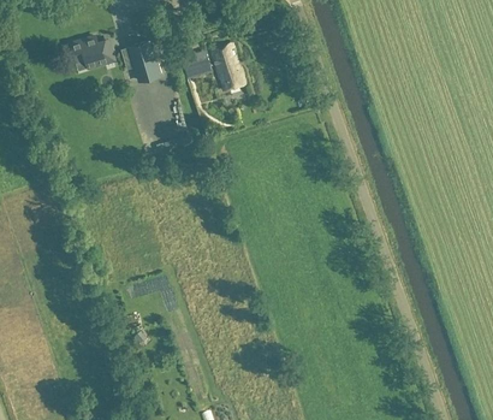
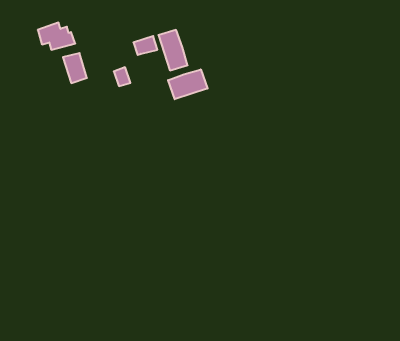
building: [130,39,158,73] -> [63,53,87,83]
building: none -> [168,69,208,99]

